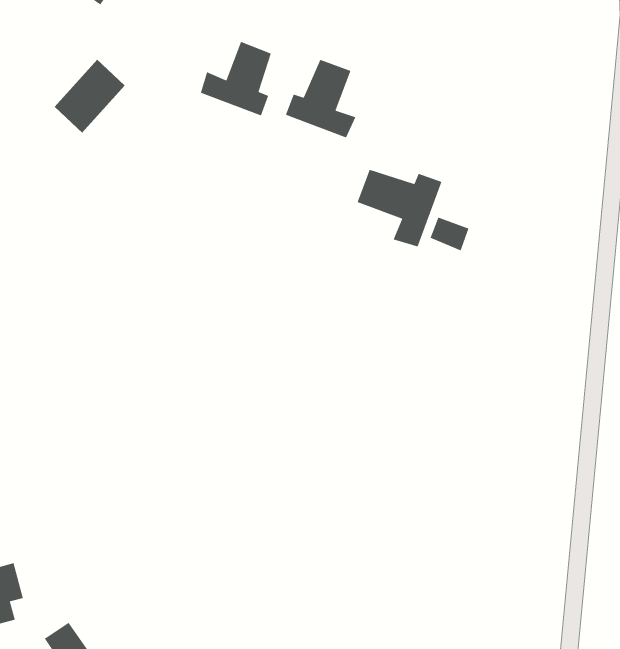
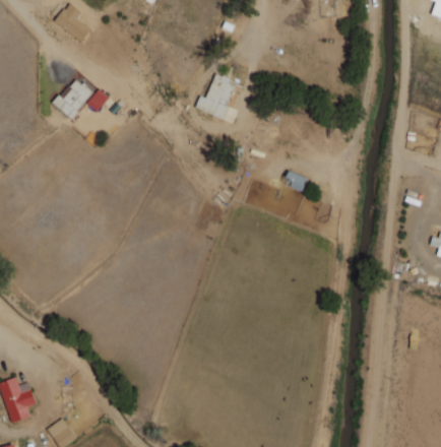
building: [200,41,272,116] -> none
building: [356,169,442,247] -> none

